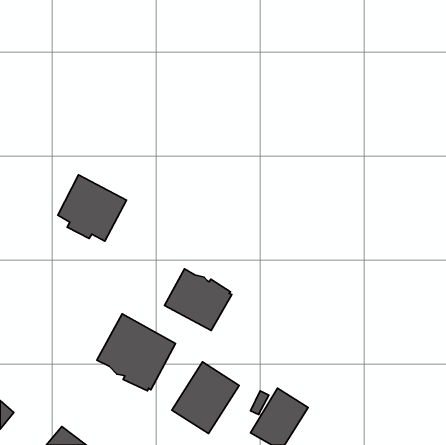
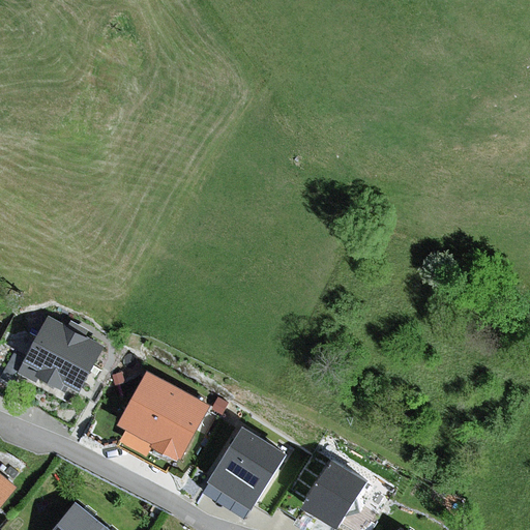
building: [58,175,127,241] -> [22,316,104,394]
building: [164,269,232,331] -> none

